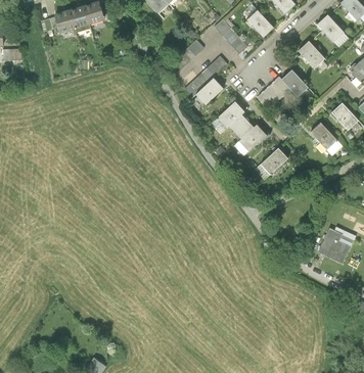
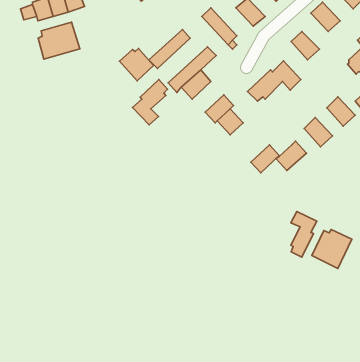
building: none -> [38,22,80,59]
building: none -> [119,49,154,81]
building: none -> [133,79,168,125]
building: [238,125,267,152] -> [276,141,306,170]
building: none -> [291,212,317,257]

